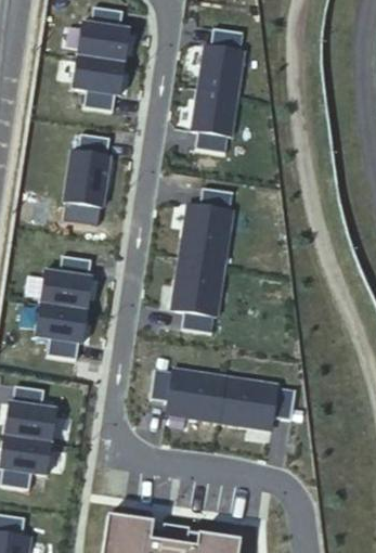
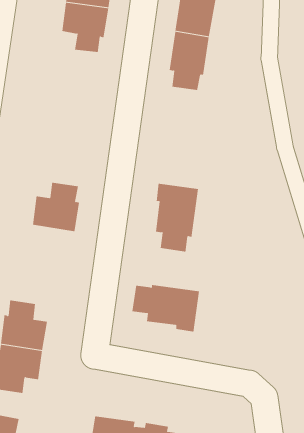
building: [68,134,111,208] -> none
building: [180,188,233,263] -> none
building: [35,304,88,360] -> none
building: [220,377,296,427] -> none

